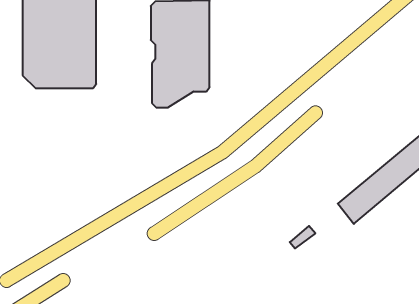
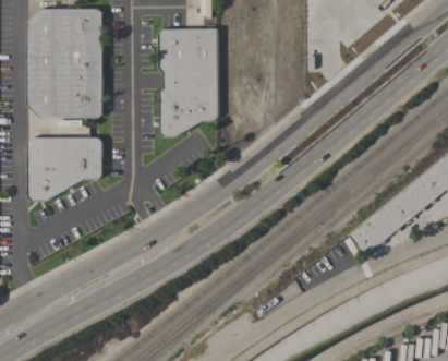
building: none -> [26,137,101,201]

